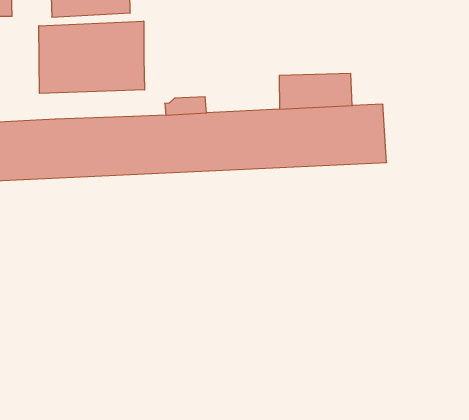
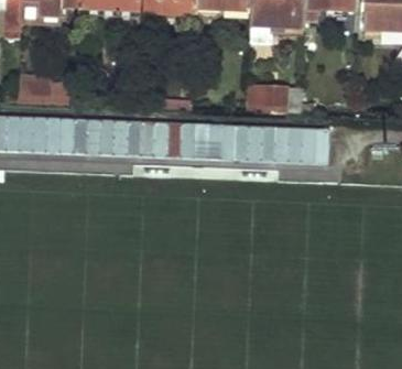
building: [39,21,144,93] -> none

